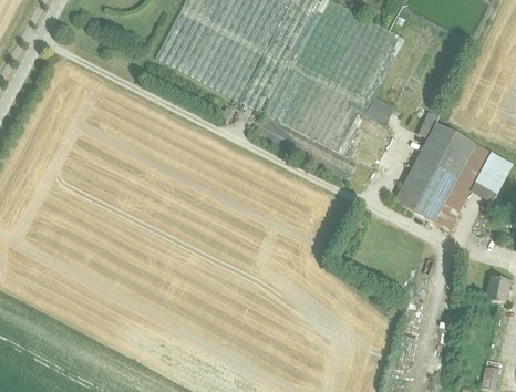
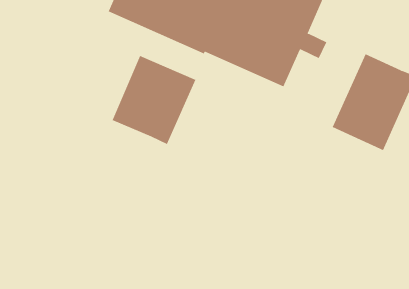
building: none -> [112,55,196,145]

